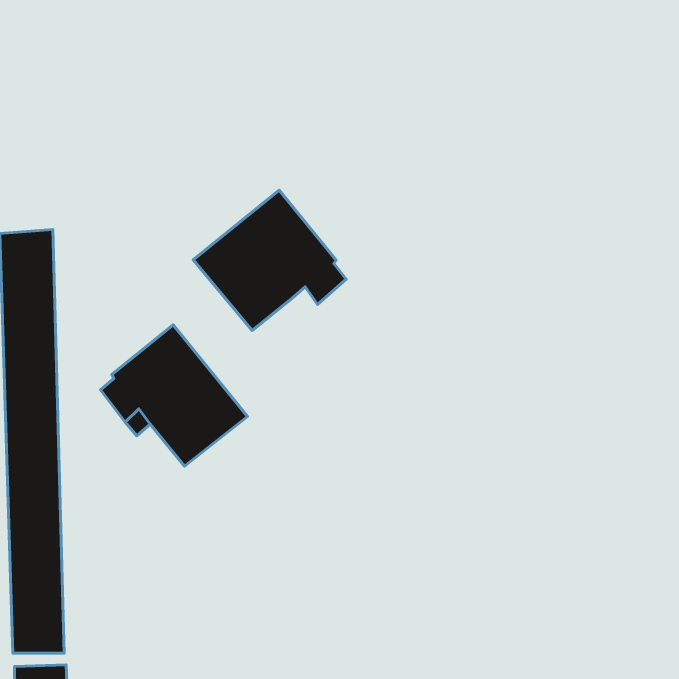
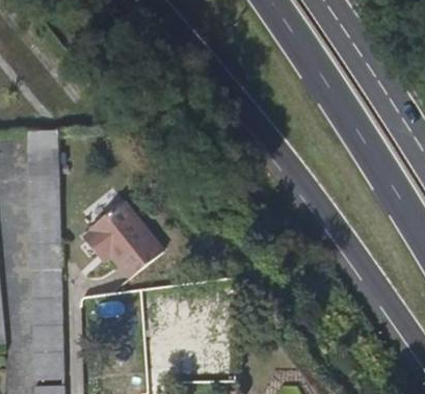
building: [193,190,346,331] -> none

